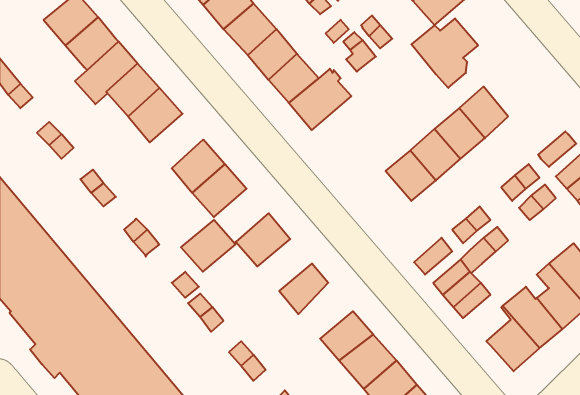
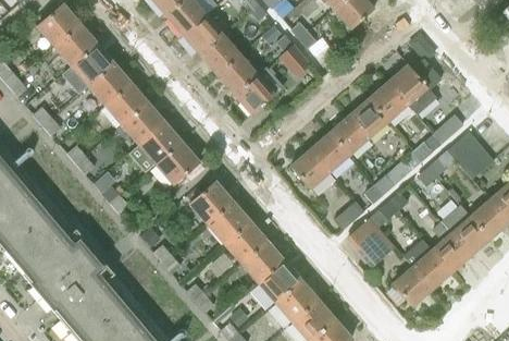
building: [411,18,478,88] -> [388,59,442,114]
building: none -> [122,101,164,145]
building: none -> [289,147,331,188]
building: [181,220,235,272] -> [208,202,251,243]
building: none -> [240,236,284,281]

